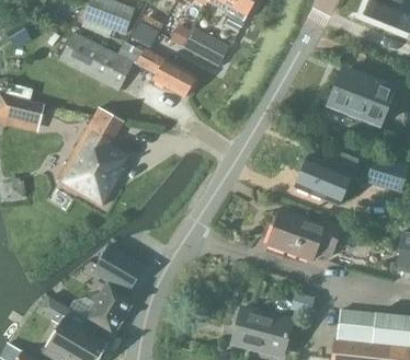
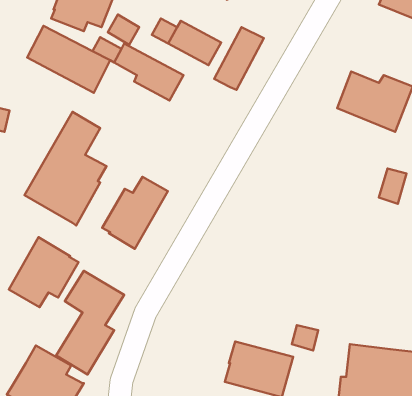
building: none -> [214,27,264,90]
building: [296,151,358,204] -> none
building: none -> [102,177,168,249]
building: [269,211,341,262] -> none
building: none -> [9,237,79,307]

